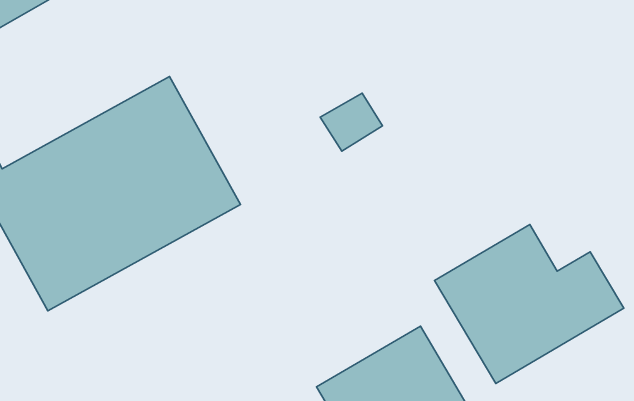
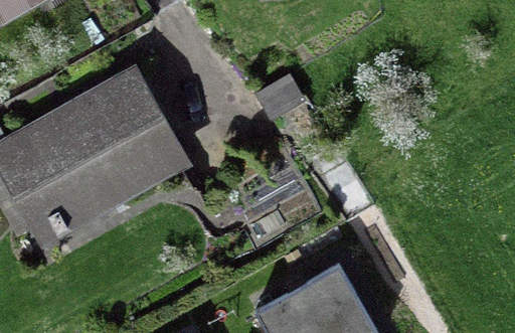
building: [435,224,624,383] -> none

